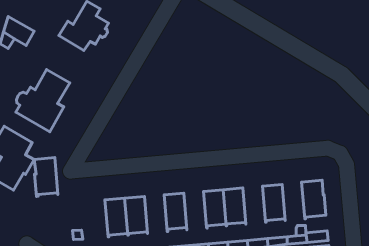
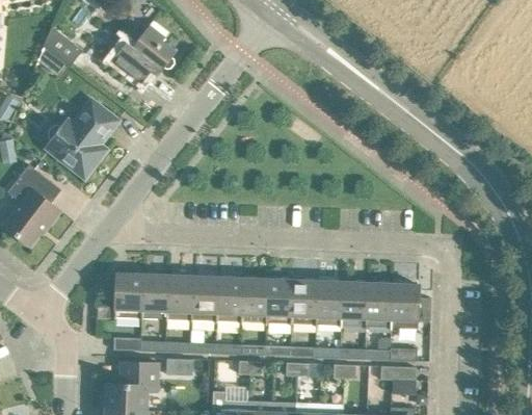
building: [34,158,58,196] -> [114,273,143,320]
building: none -> [366,283,393,330]
building: none -> [316,281,343,328]
building: none -> [241,278,268,325]
building: none -> [191,276,218,323]

